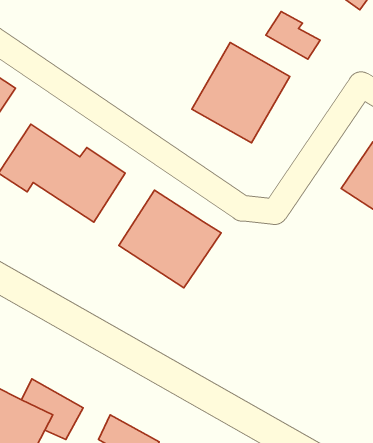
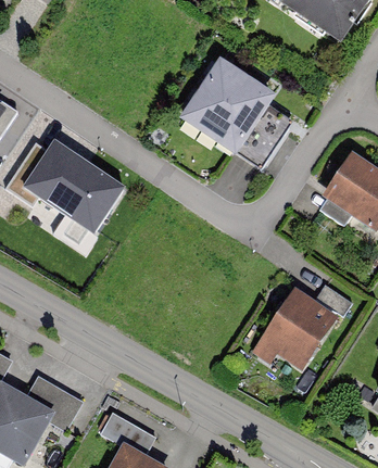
building: [266,11,320,59] -> none
building: [119,190,221,288] -> none
building: none -> [252,288,349,369]

